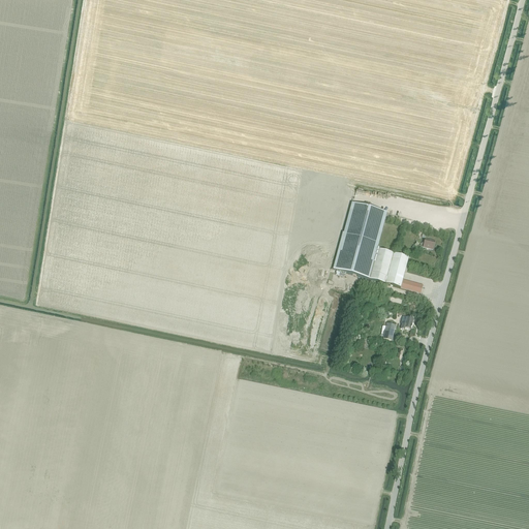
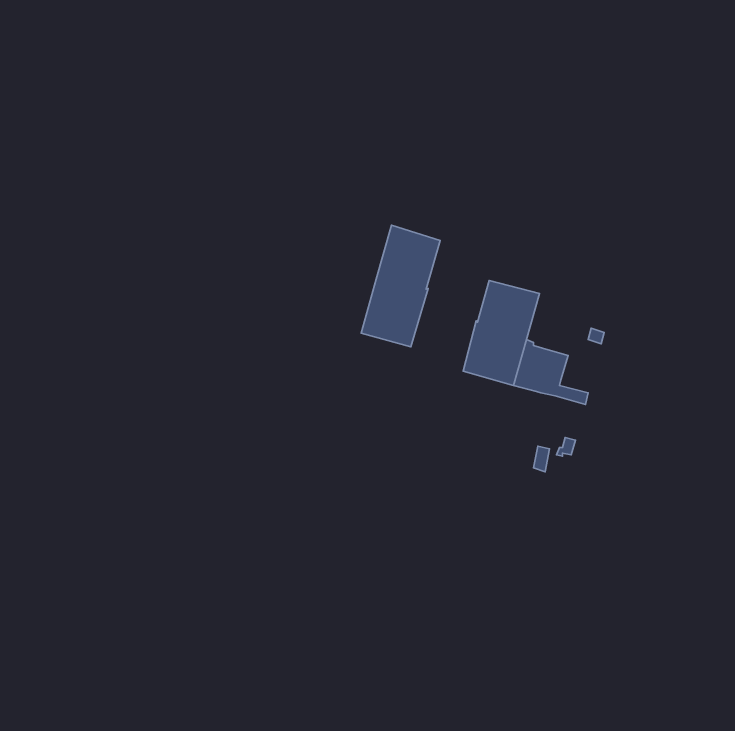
building: none -> [361,225,440,347]

